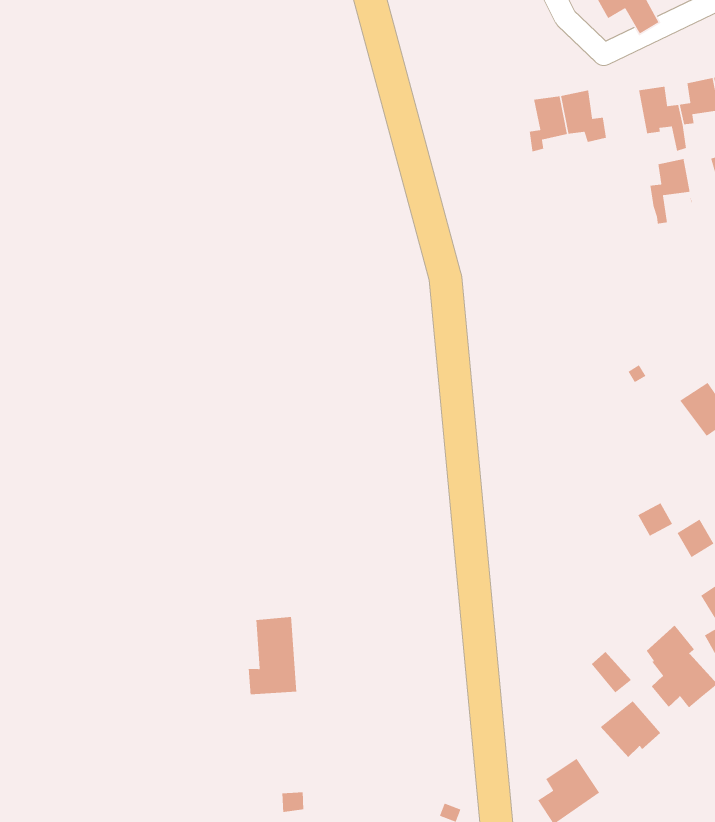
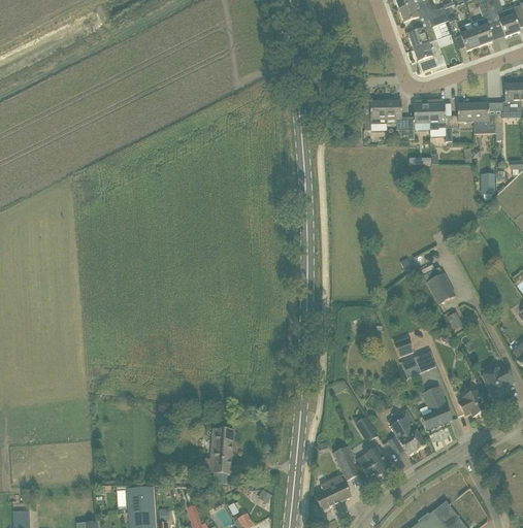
building: [650,158,692,224] -> [407,103,430,138]
building: [248,616,297,695] -> [203,429,233,473]
building: none -> [334,444,359,480]

